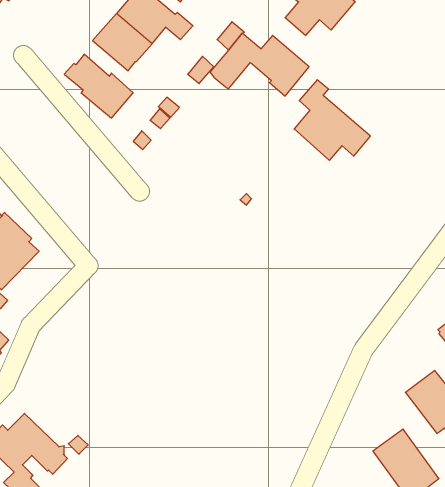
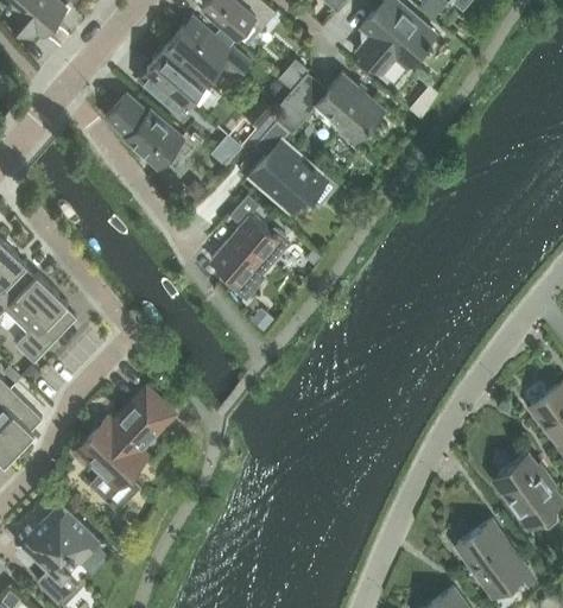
building: [294,80,370,160] -> [249,121,336,213]
building: none -> [211,195,291,302]
building: none -> [77,388,175,511]

